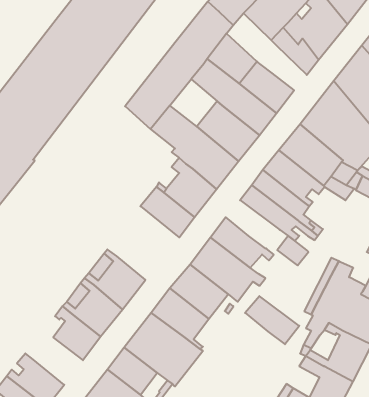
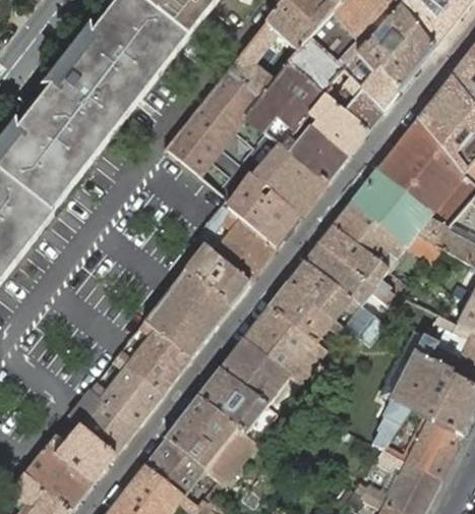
building: none -> [288,36,342,94]
building: none -> [330,74,384,128]
building: none -> [220,115,277,172]
building: none -> [144,268,231,356]
building: [245,296,299,344] -> [287,261,352,319]
building: none -> [55,424,115,482]

